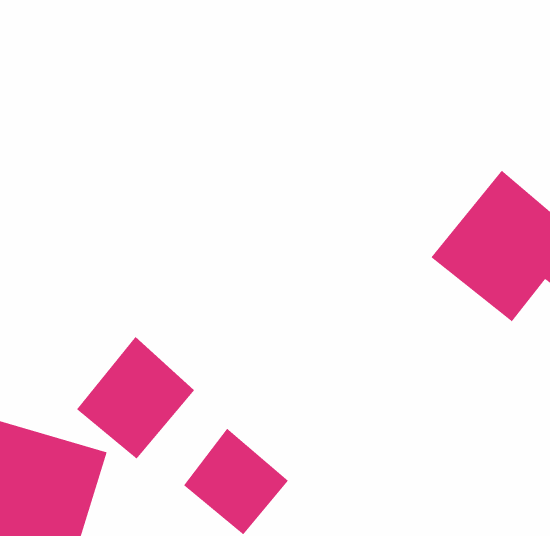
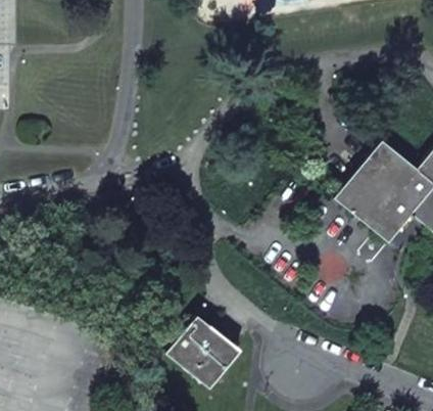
building: [76,336,195,460] -> none

